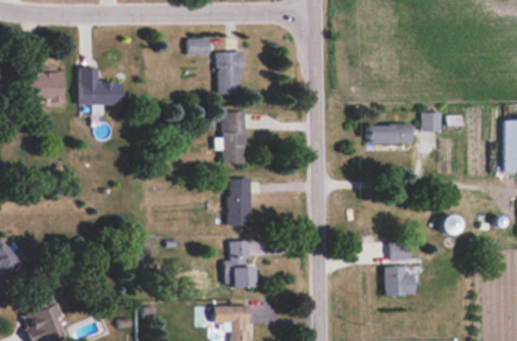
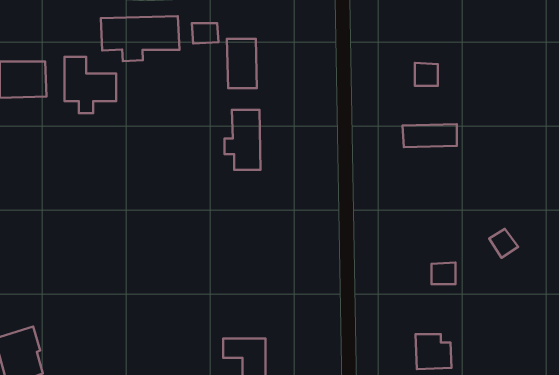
building: none -> [101,16,179,61]
building: [422,112,442,132] -> [415,63,438,86]
building: [228,179,251,227] -> none
building: [224,241,253,288] -> none
building: [383,266,414,296] -> [416,334,452,369]

